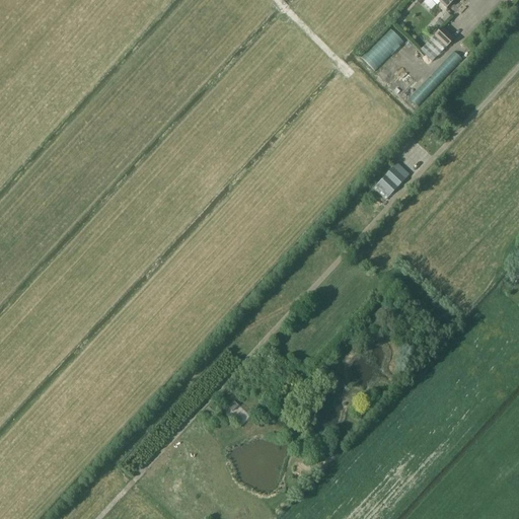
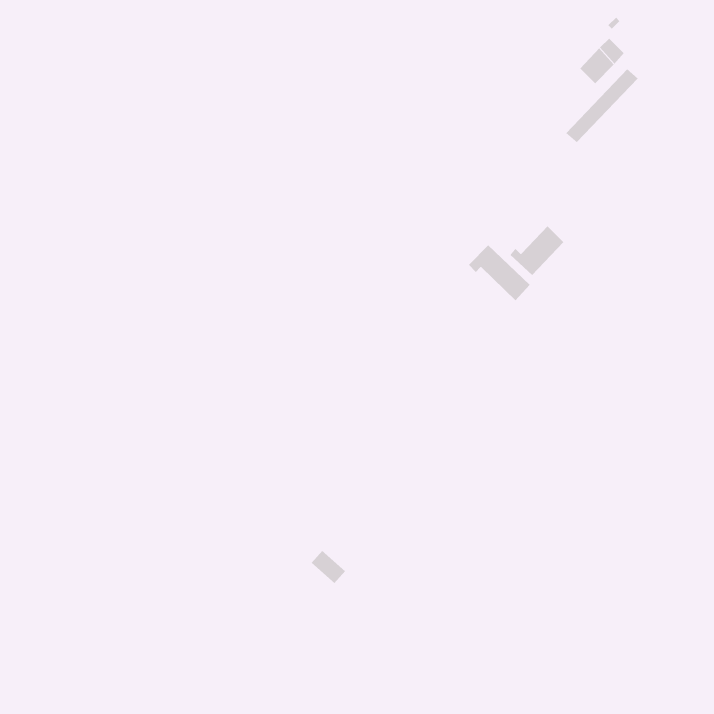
building: [361,26,403,69] -> none
building: none -> [468,244,530,301]

